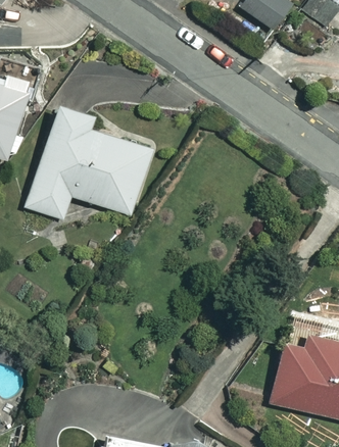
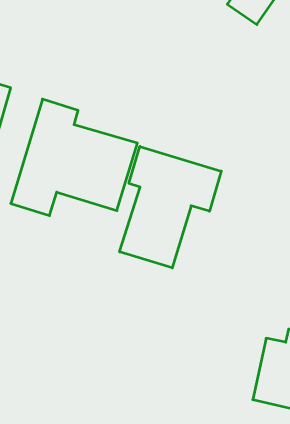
building: none -> [120,146,221,268]

